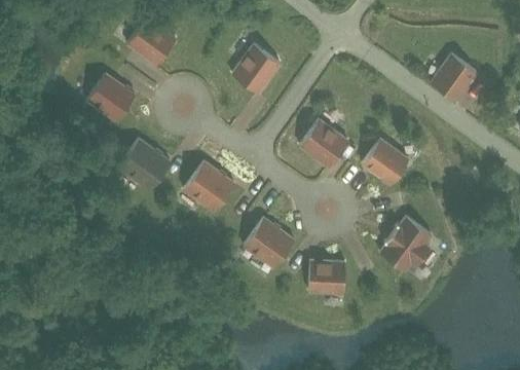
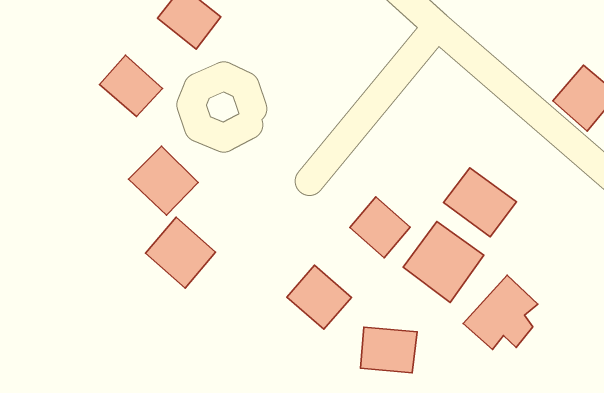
building: [231,46,276,95] -> none
building: [301,120,346,165] -> [350,197,410,258]
building: [181,160,233,213] -> [146,217,216,288]
building: none -> [403,222,484,303]

